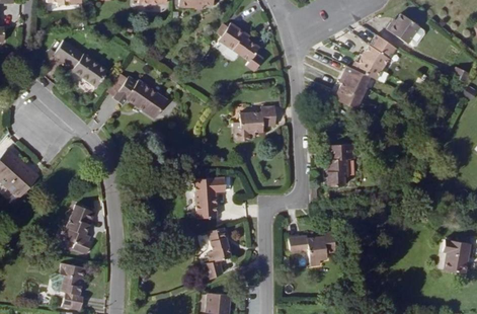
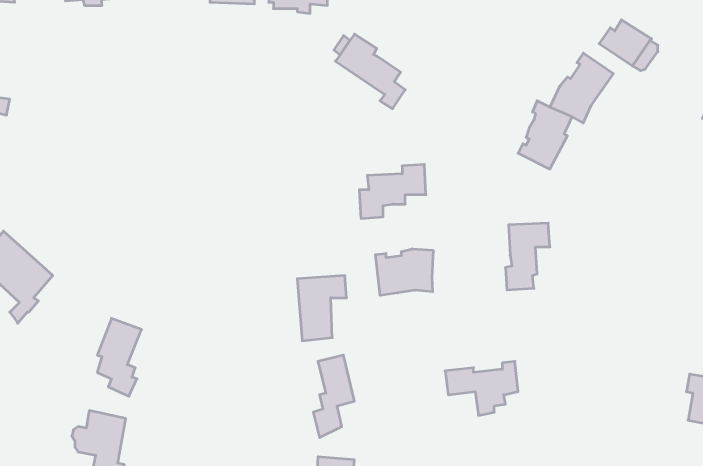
building: [54,41,108,87] -> none
building: [108,75,167,119] -> none
building: none -> [376,249,433,295]

